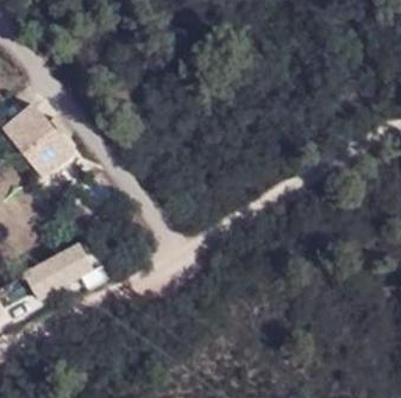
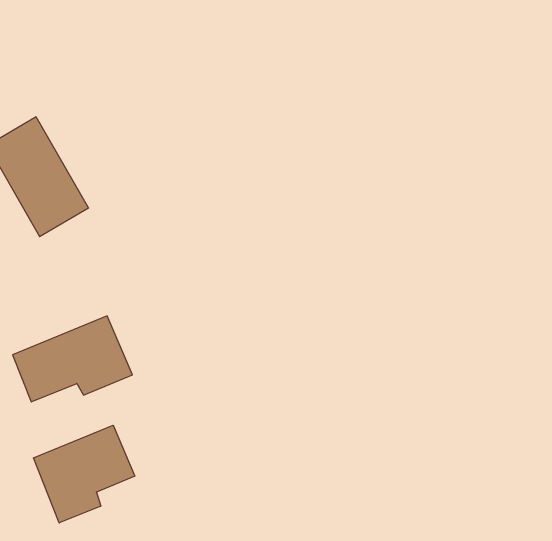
building: none -> [33,425,135,523]

